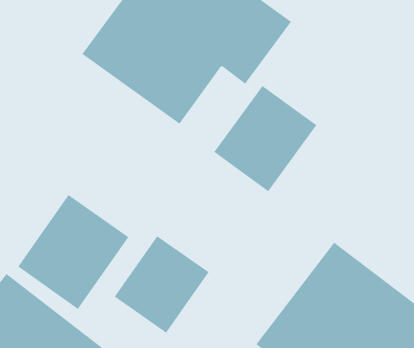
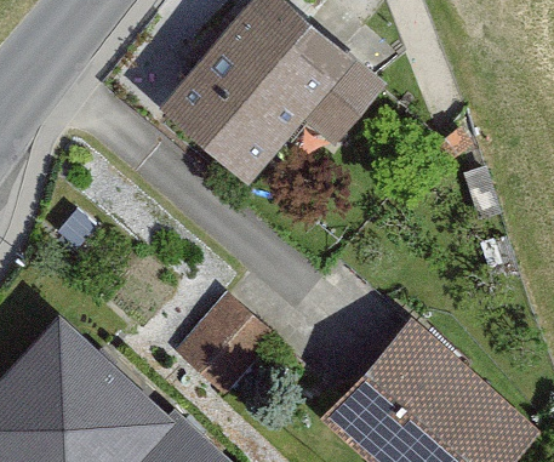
building: [213,85,317,192] -> none
building: [17,194,129,310] -> none

